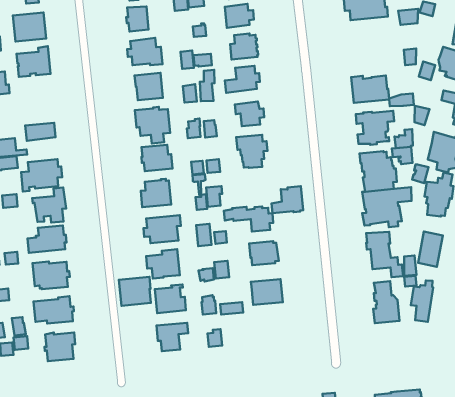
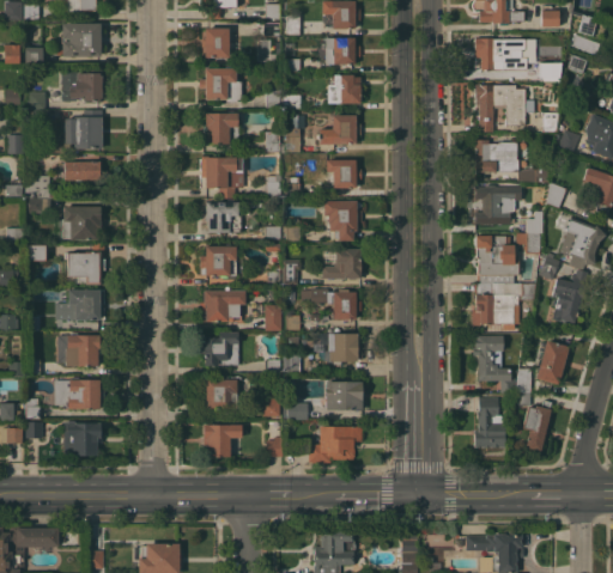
building: none -> [475,85,534,132]
building: none -> [65,110,102,148]
building: [271,186,303,213] -> [322,249,360,280]
building: [119,277,151,306] -> none
building: none -> [309,426,362,463]

